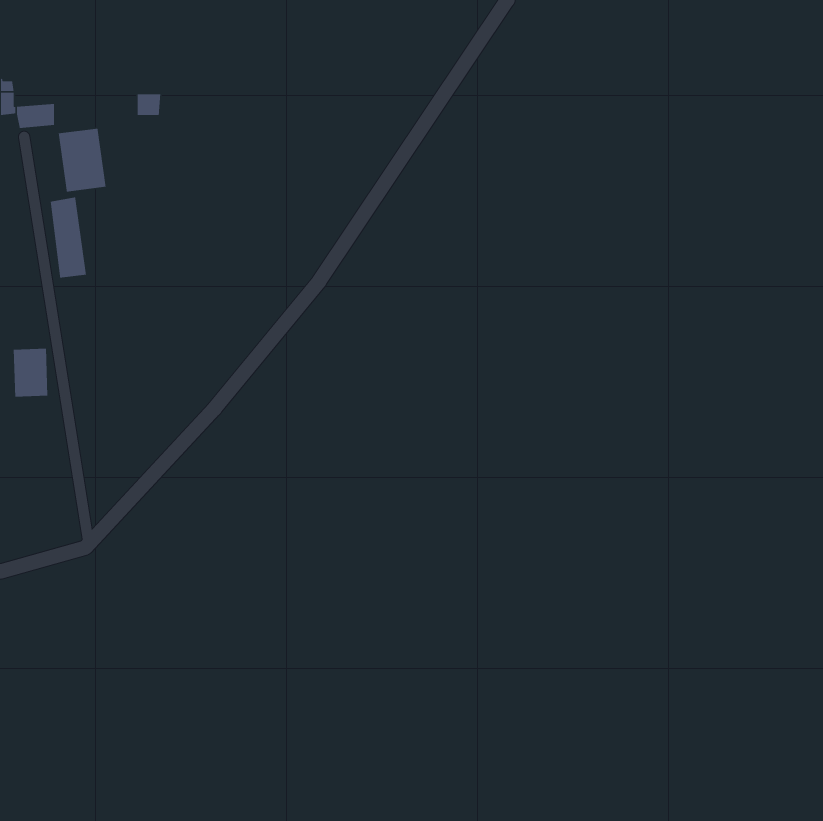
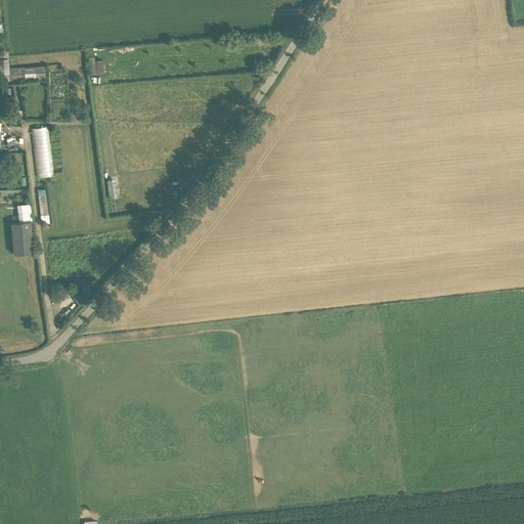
building: [58,128,107,192] -> none

